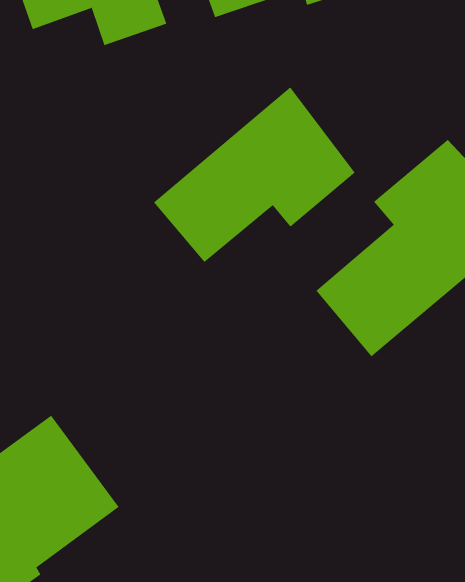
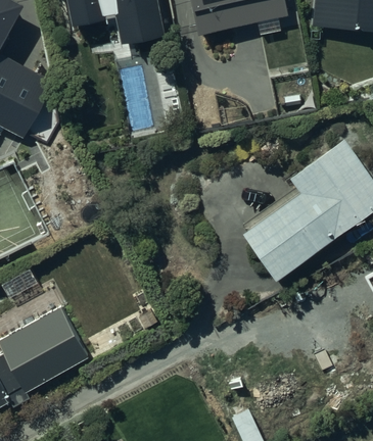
building: [153,87,355,263] -> none

